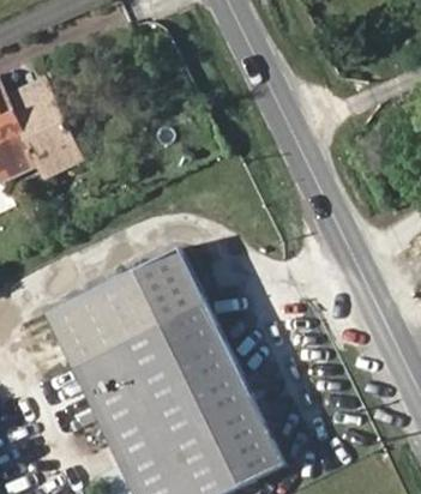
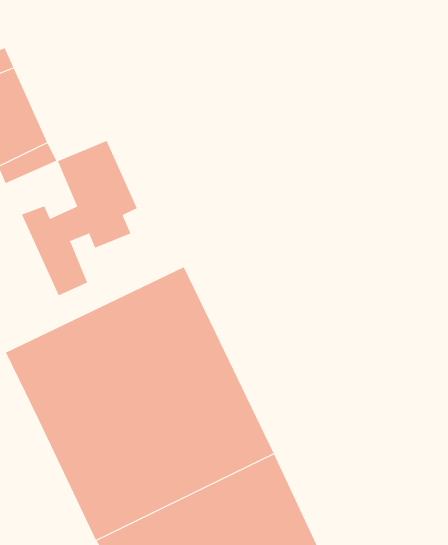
building: none -> [21,140,137,296]

